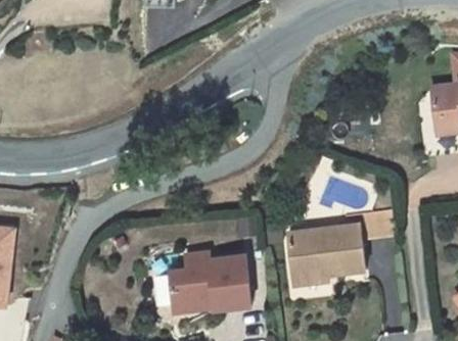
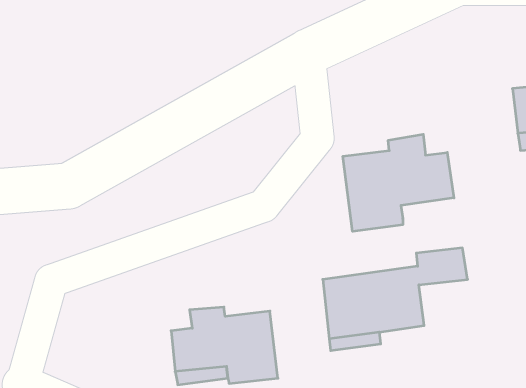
building: none -> [343,134,454,231]

